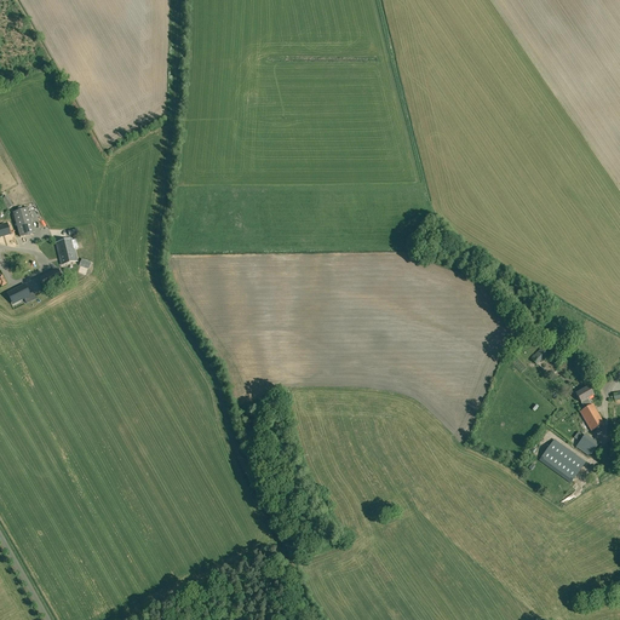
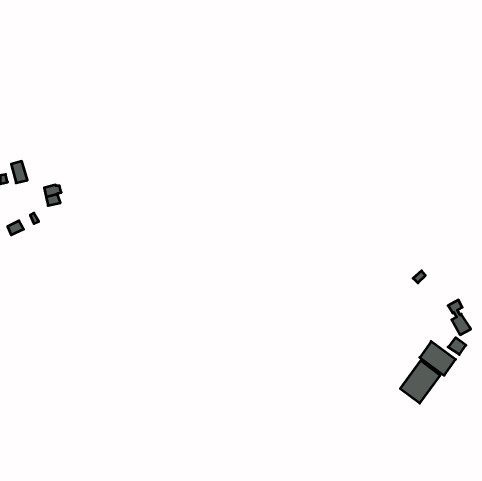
building: none -> [400,361,440,403]

